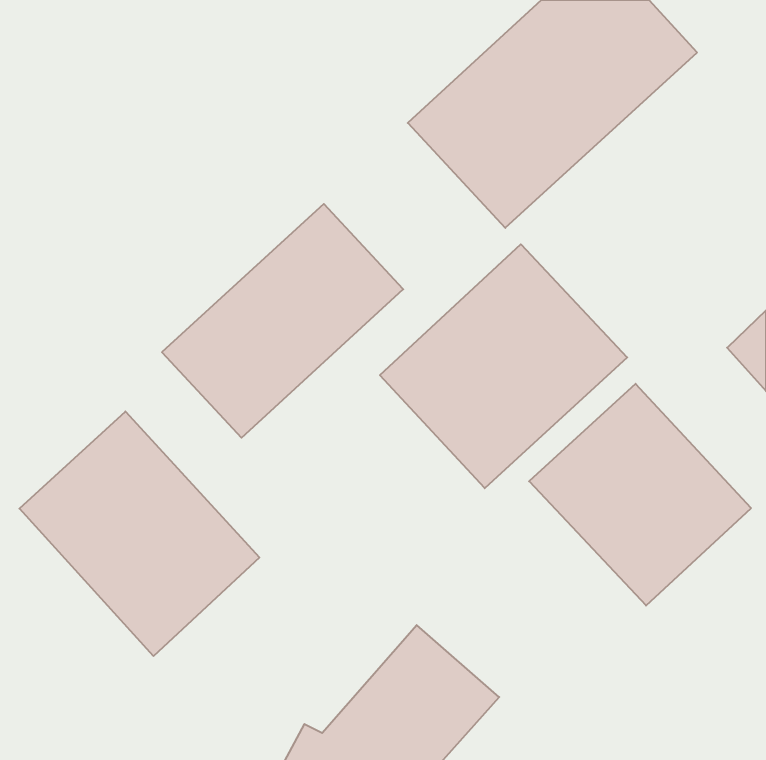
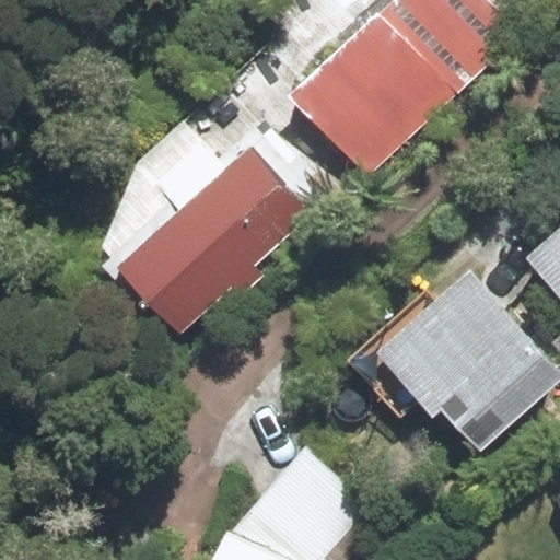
building: [380,244,627,488] -> none
building: [19,411,259,656] -> none

